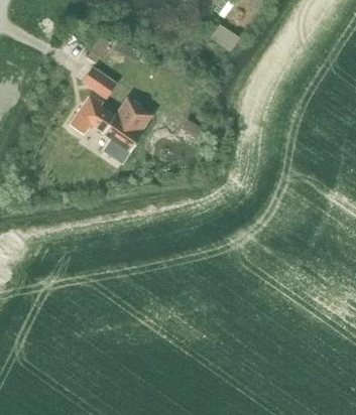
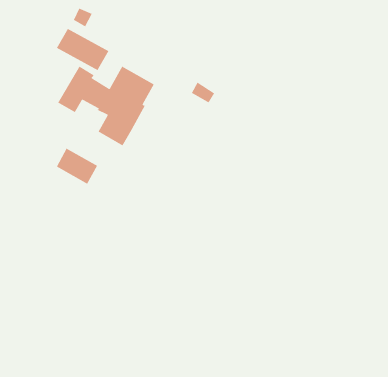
building: none -> [56,148,98,185]

